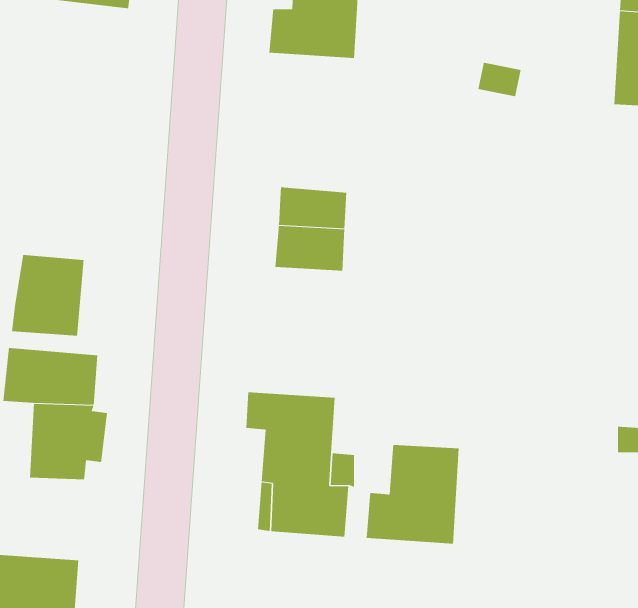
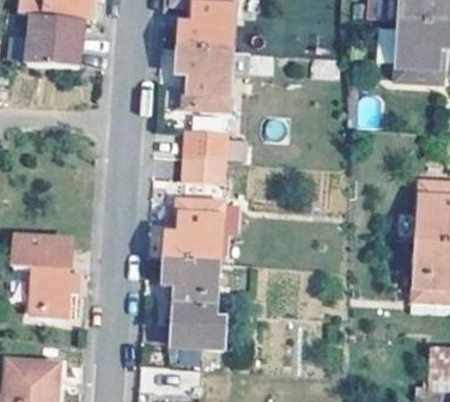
building: none -> [24,20,81,67]
building: none -> [175,48,230,110]
building: [11,254,84,336] -> none
building: [366,445,460,544] -> [163,201,221,263]

